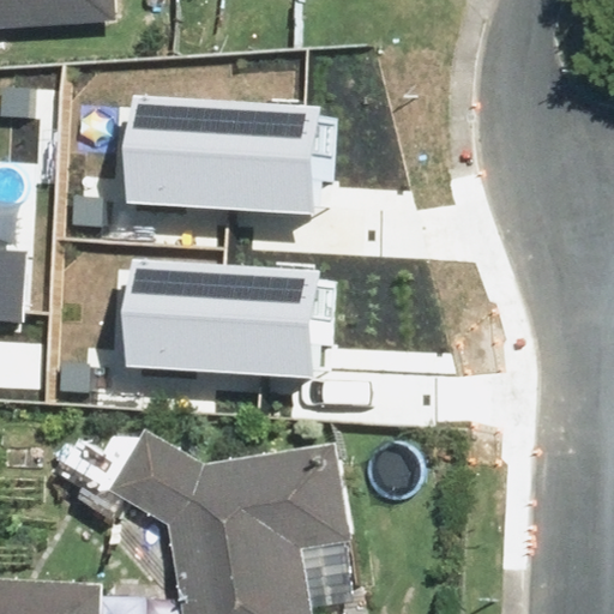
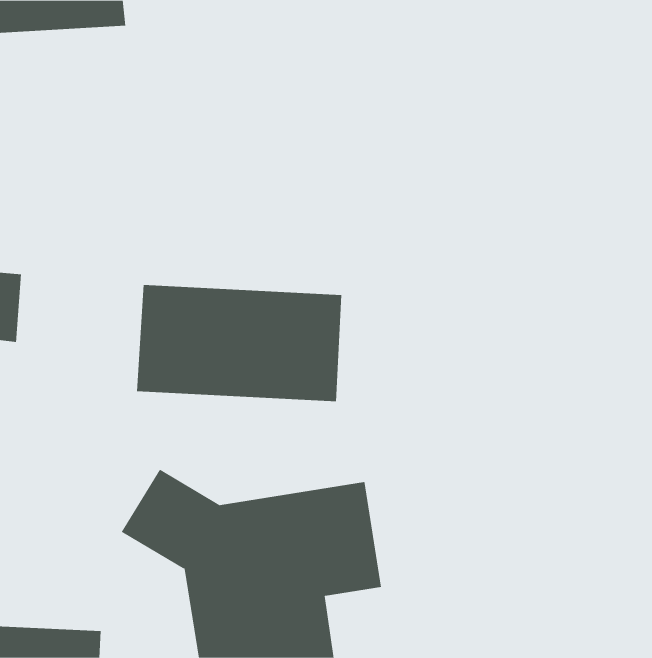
building: [122,100,314,209] -> none

